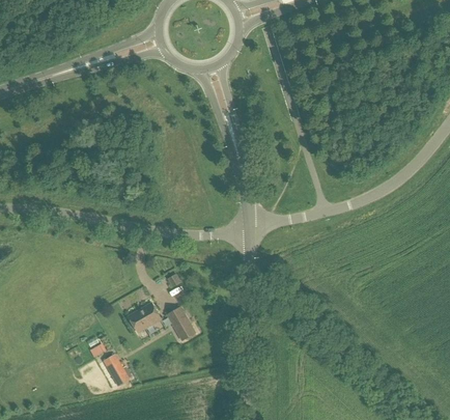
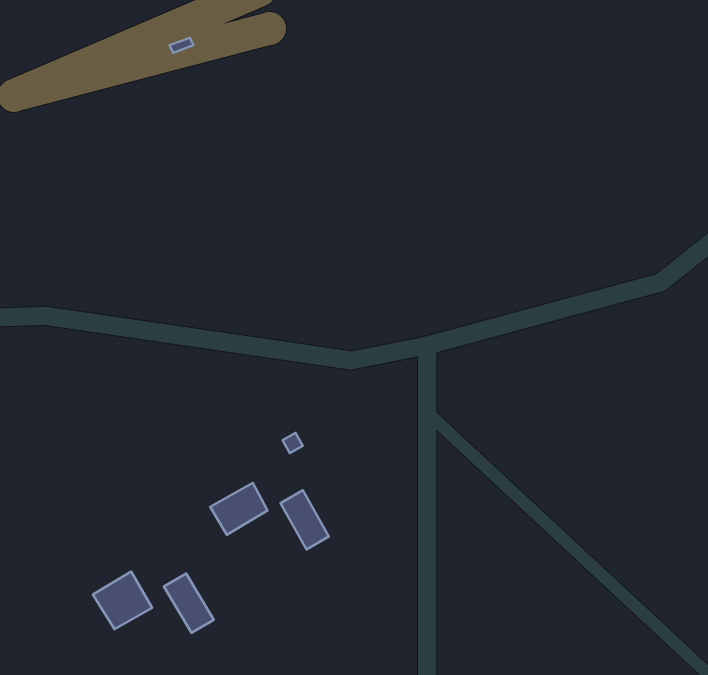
building: none -> [93,571,152,629]

